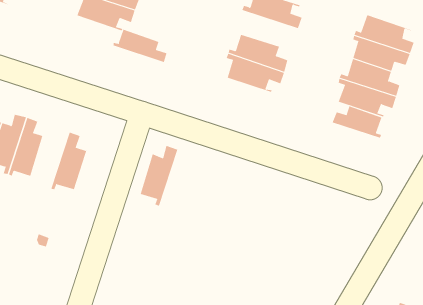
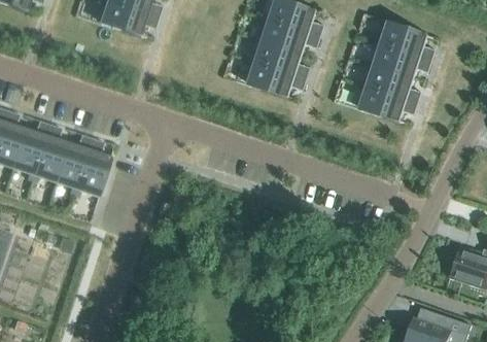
building: none -> [263,16,320,53]
building: [113,29,167,63] -> none
building: [332,106,382,138] -> none
building: [140,145,178,207] -> [55,133,93,194]

